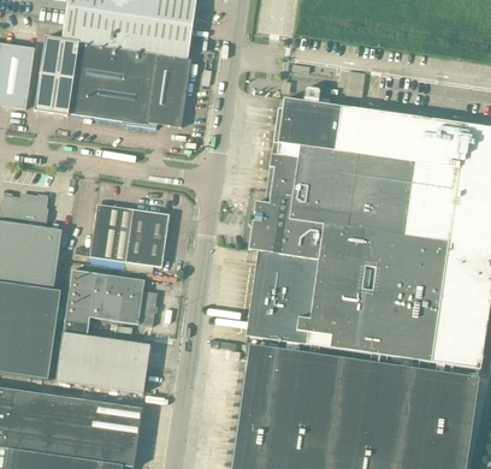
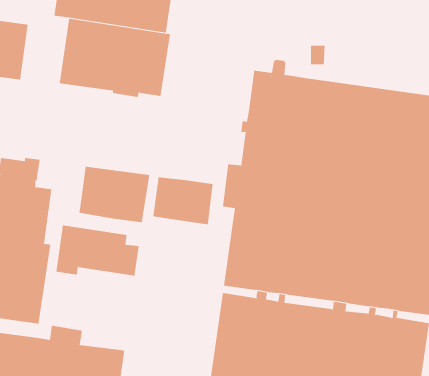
building: [35,35,79,114] -> none
building: none -> [153,177,213,225]
building: [55,320,150,391] -> none

